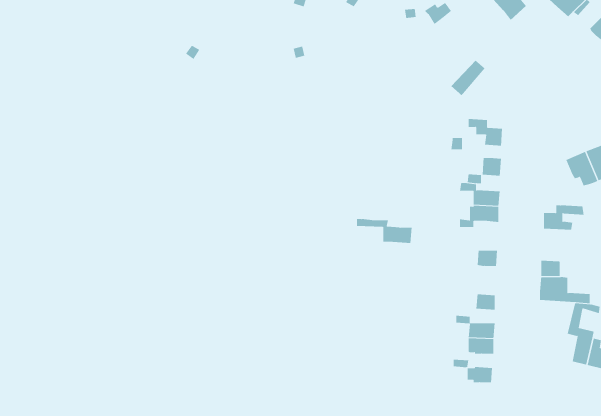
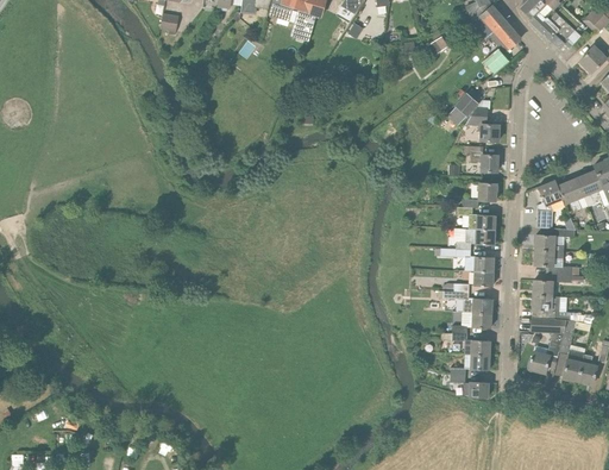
building: none -> [465,107,498,140]
building: none -> [535,178,563,227]
building: [356,219,412,244] -> [438,289,491,313]
building: none -> [456,249,492,270]
building: none -> [534,250,579,274]
building: none -> [528,318,566,372]

